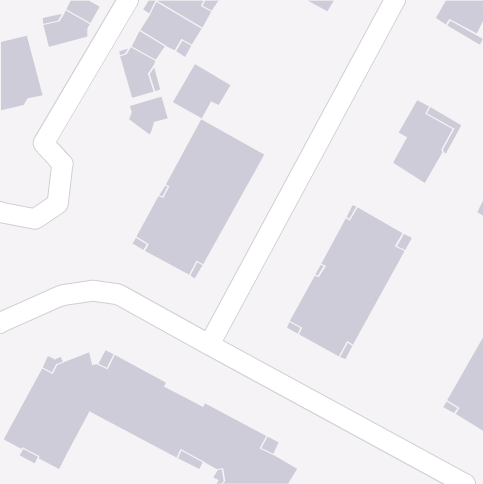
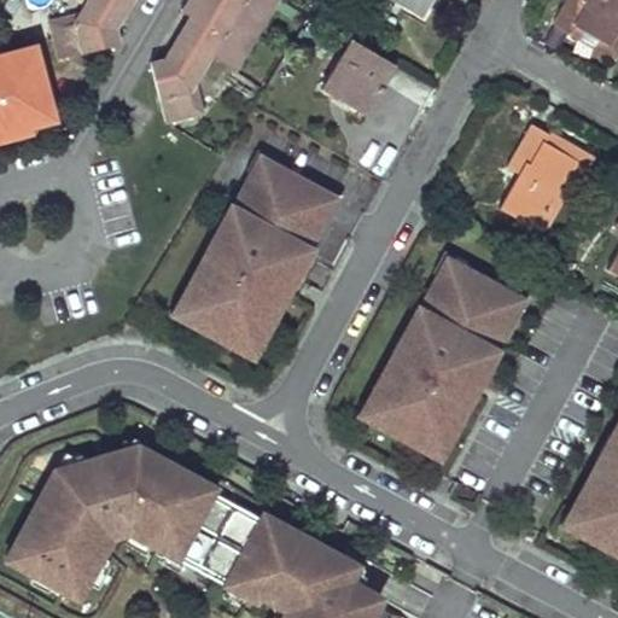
building: [172,63,231,119] -> [320,39,396,110]
building: [129,96,168,136] -> none

